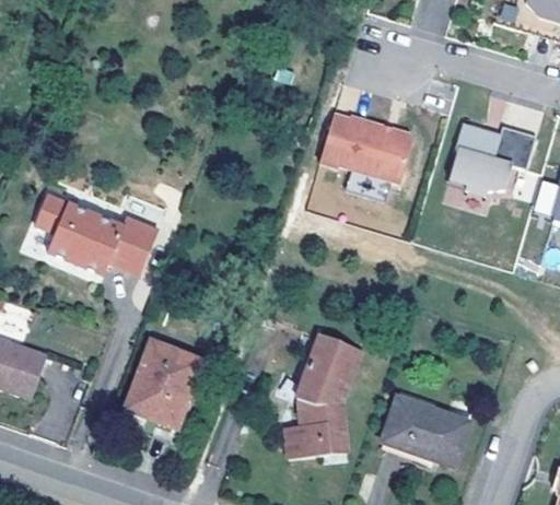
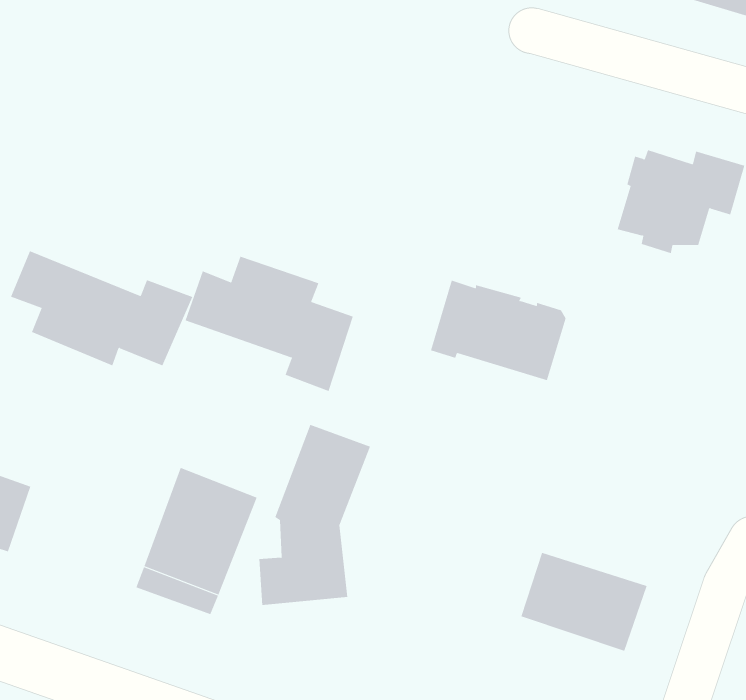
building: [319,113,412,181] -> [430,280,567,381]
building: none -> [185,256,354,392]
building: [285,333,362,457] -> [258,424,371,605]

